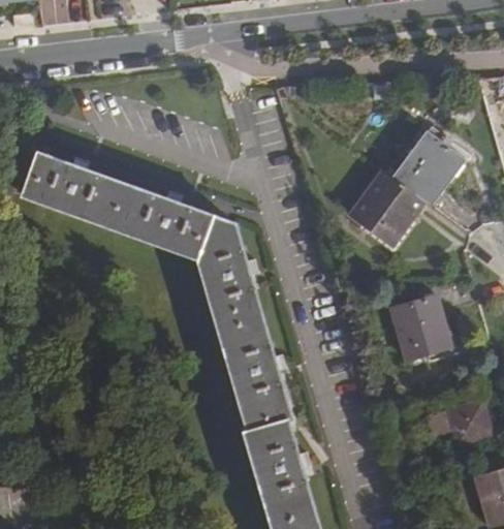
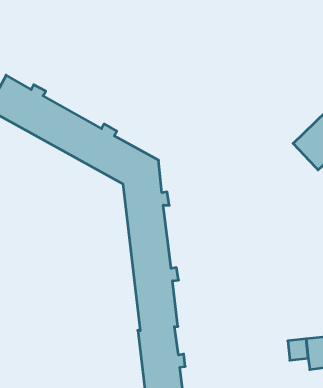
building: [349,169,423,246] -> none
building: [389,295,449,361] -> none

